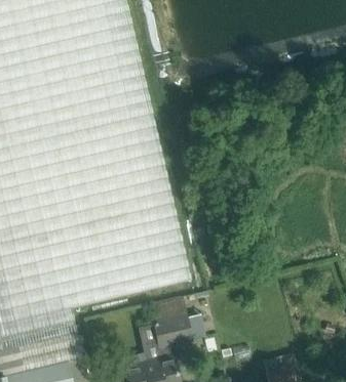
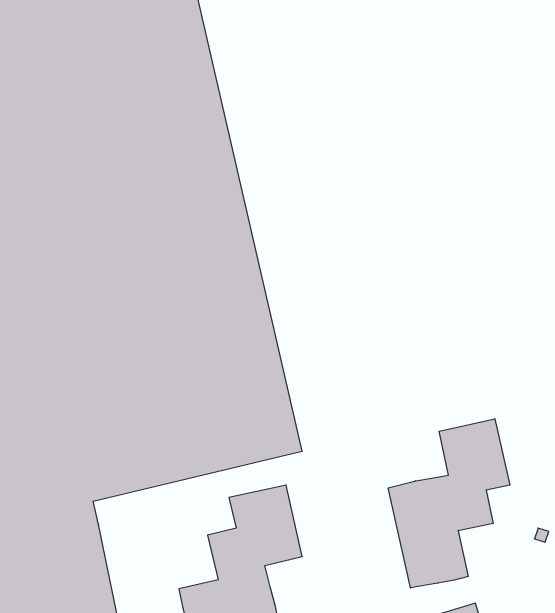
building: none -> [388,419,510,588]

